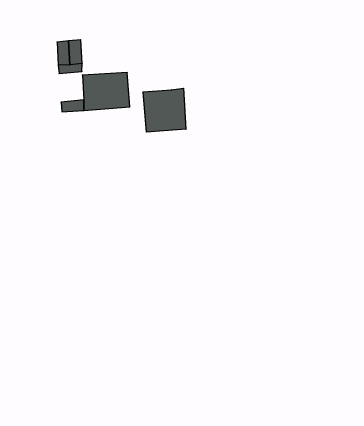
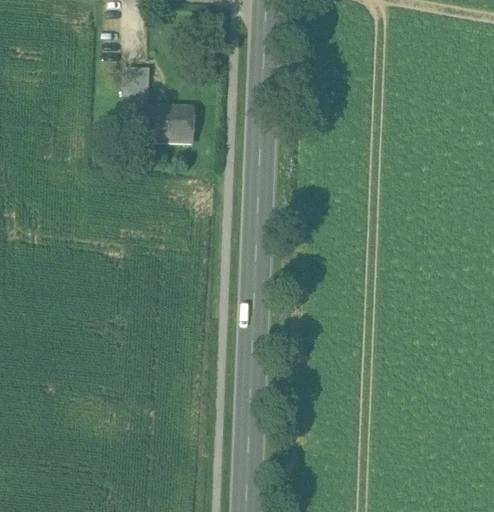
building: [143,88,186,132] -> none

